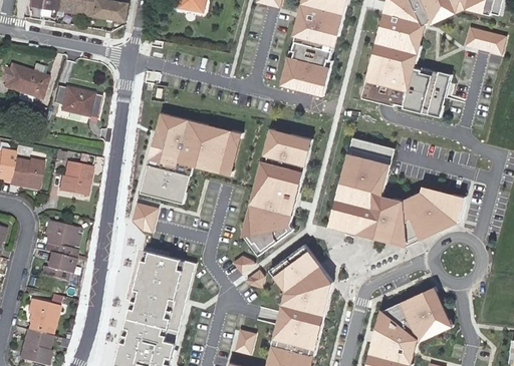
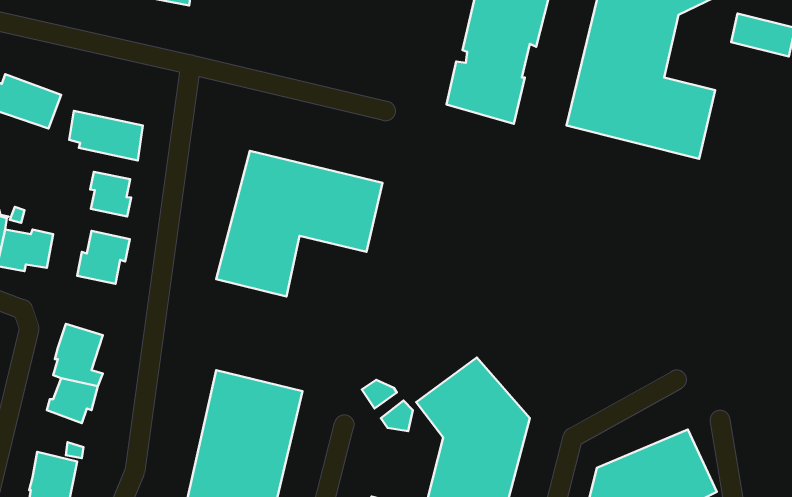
building: none -> [90,172,131,216]
building: [243,127,313,256] -> none
building: [328,136,468,245] -> none
building: [131,202,157,233] -> none

